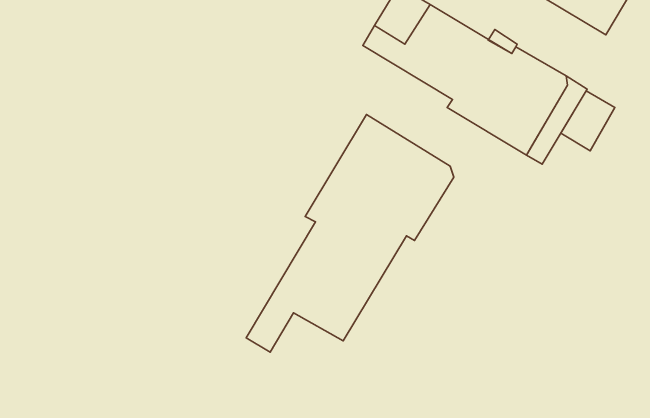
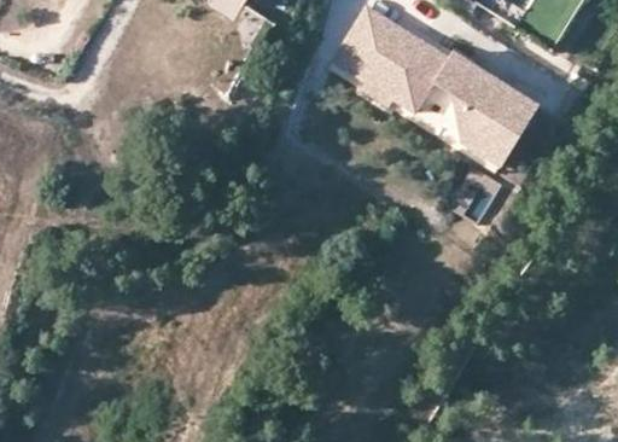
building: [561,91,615,151] -> none
building: [246,114,454,352] -> none

